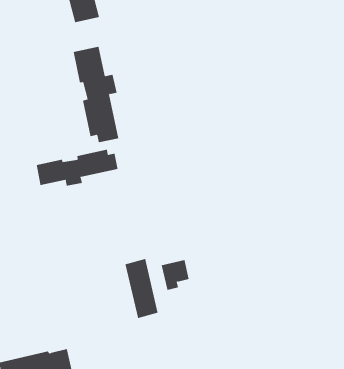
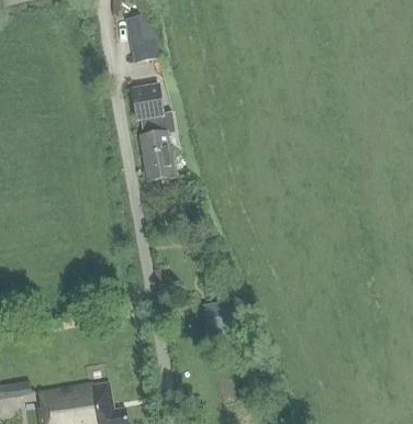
building: [36,149,118,187] -> none
building: [125,258,158,319] -> none

